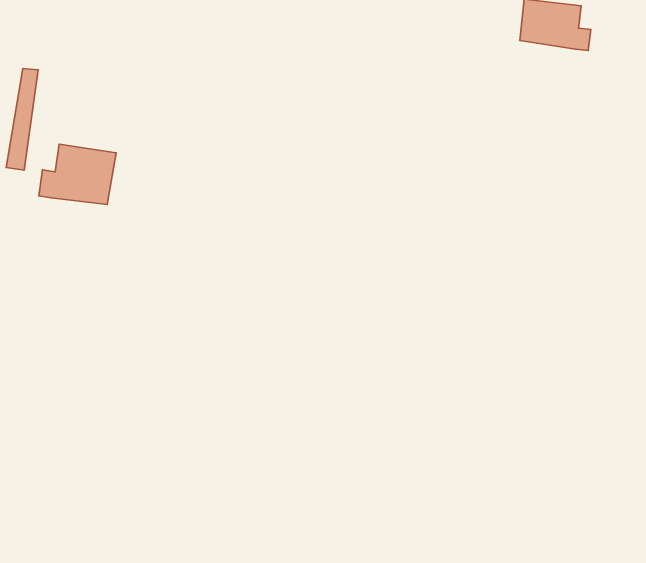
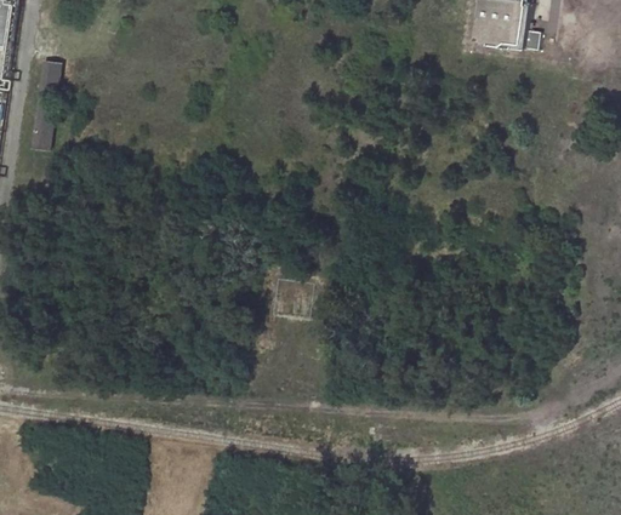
building: [39,144,116,205] -> none

